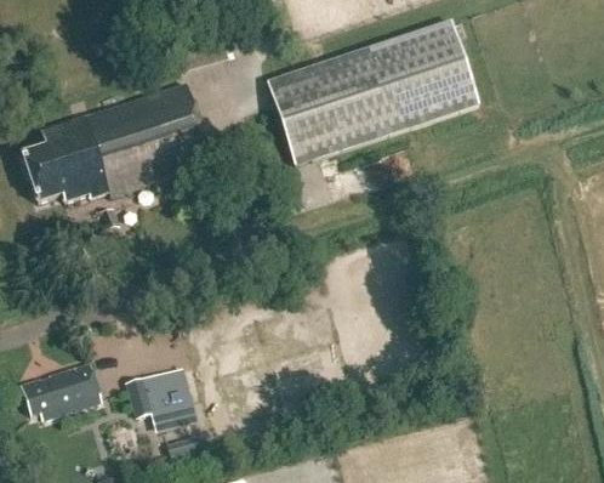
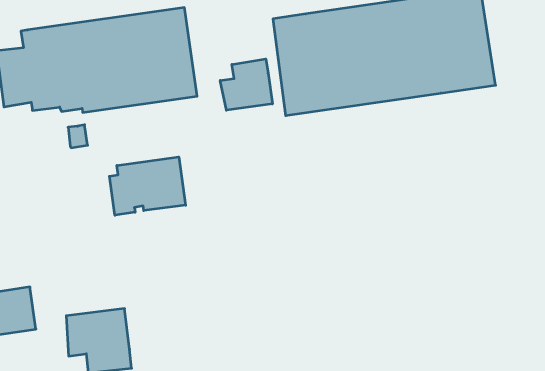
building: none -> [220,59,272,110]
building: none -> [109,157,186,215]

